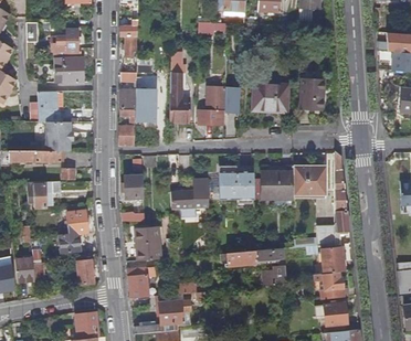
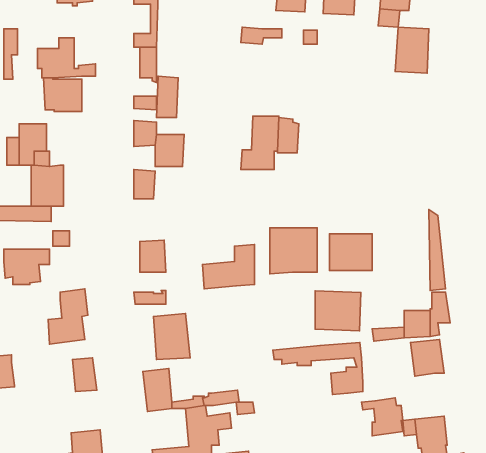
building: [170,73,190,121] -> none
building: [299,77,324,110] -> [395,27,429,73]
building: [253,82,288,111] -> none
building: [293,166,326,194] -> [315,291,361,331]
building: [314,270,344,298] -> [361,398,403,436]

